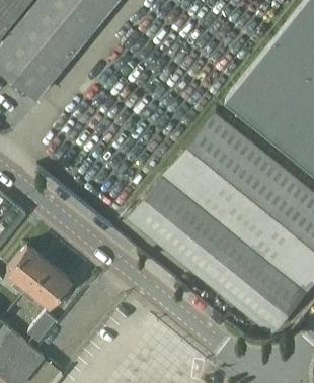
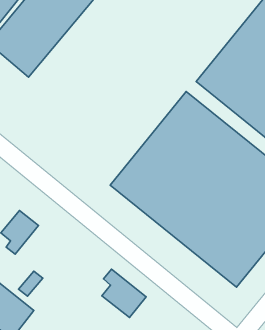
building: [23,263,71,306] -> none
building: none -> [102,269,146,317]

